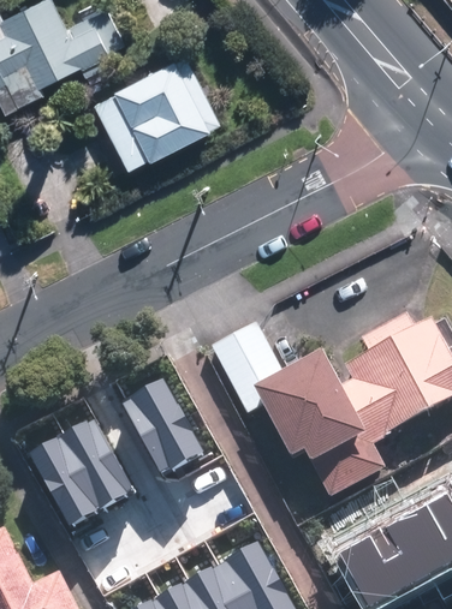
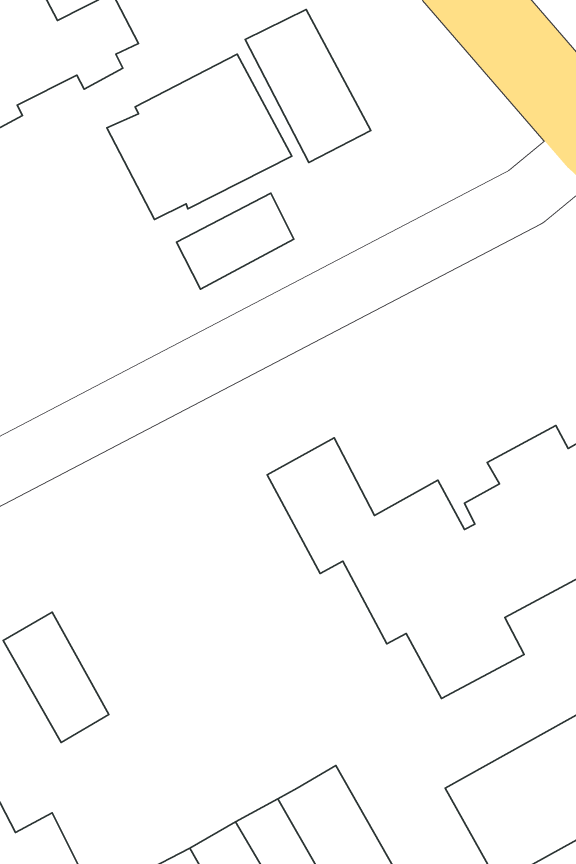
building: none -> [245,9,371,163]
building: none -> [176,193,294,289]
building: [121,380,203,474] -> none
building: [63,419,132,506] -> none

